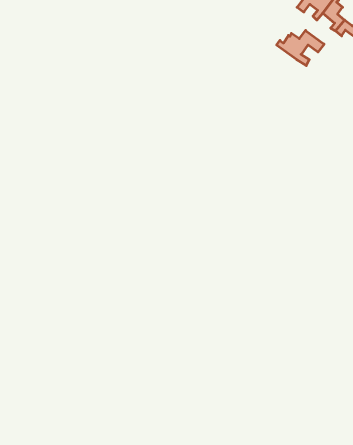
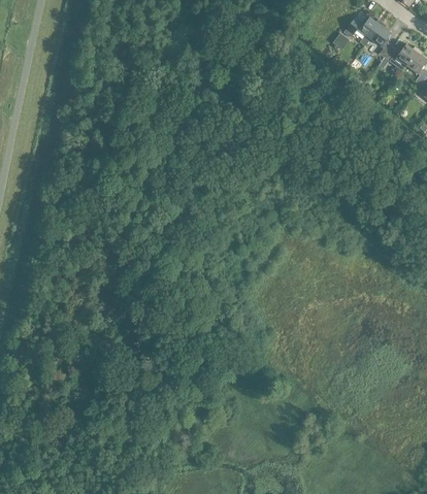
building: [277,30,324,66] -> none

